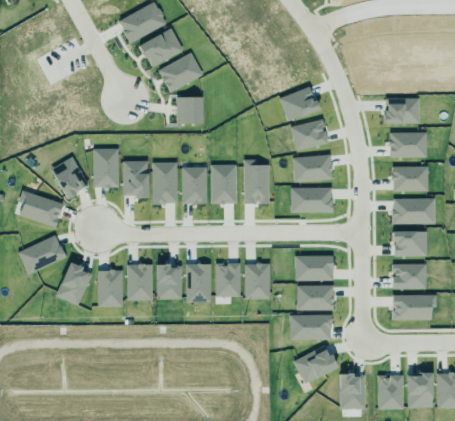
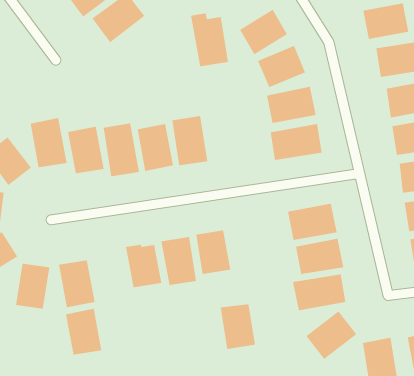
building: [176,97,203,124] -> none
building: [243,160,269,204] -> [190,13,229,67]
building: [245,263,270,299] -> [220,304,256,350]
building: [127,264,153,300] -> [65,308,102,355]

